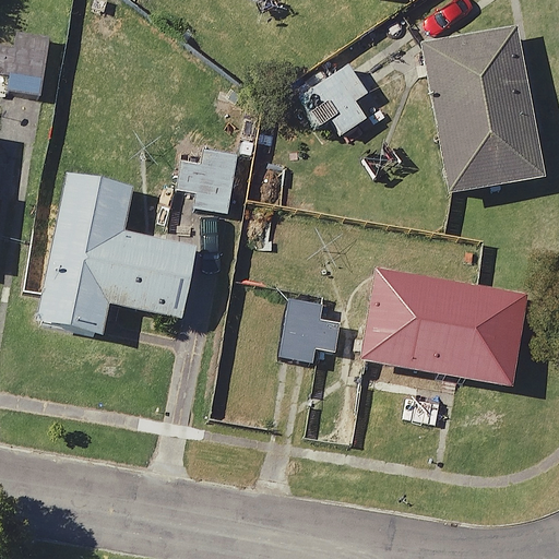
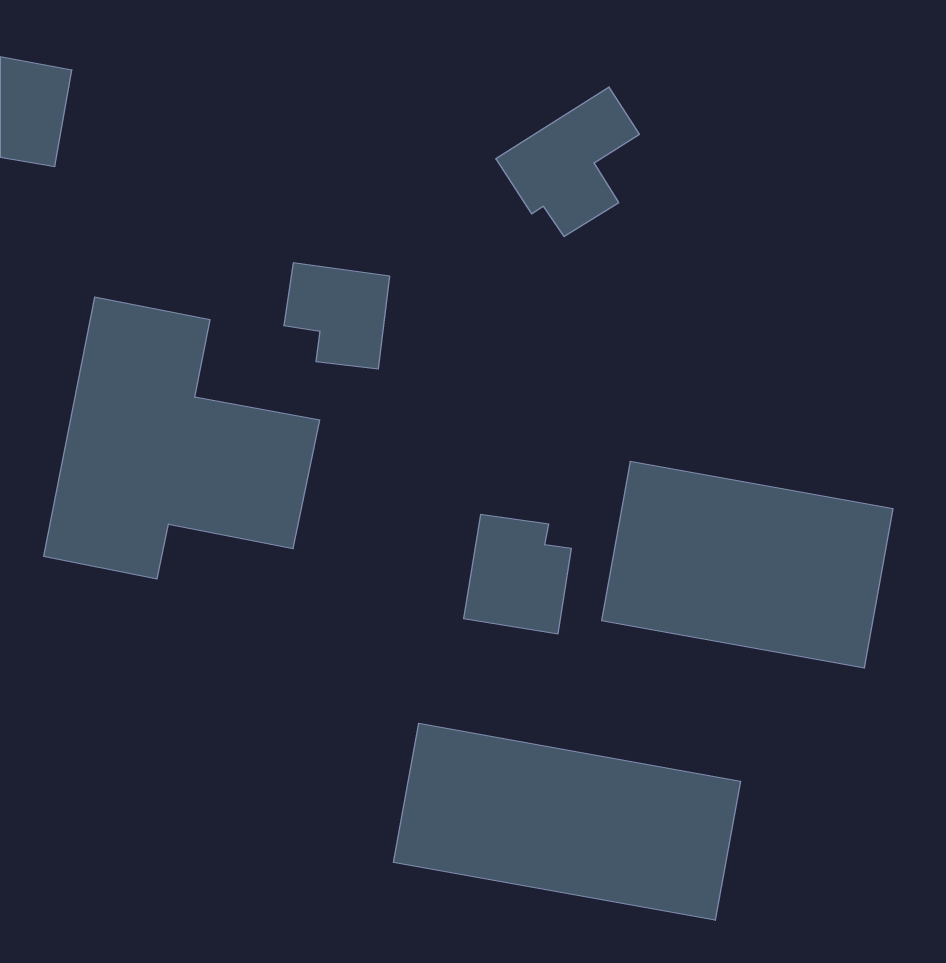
building: [425,25,540,192] -> none
building: none -> [394,723,741,920]

